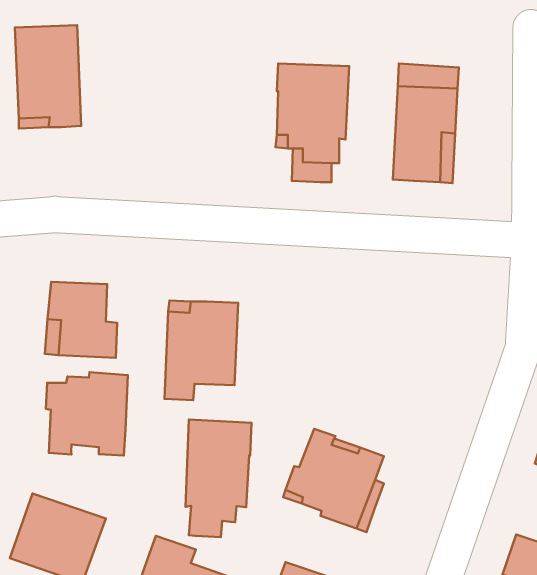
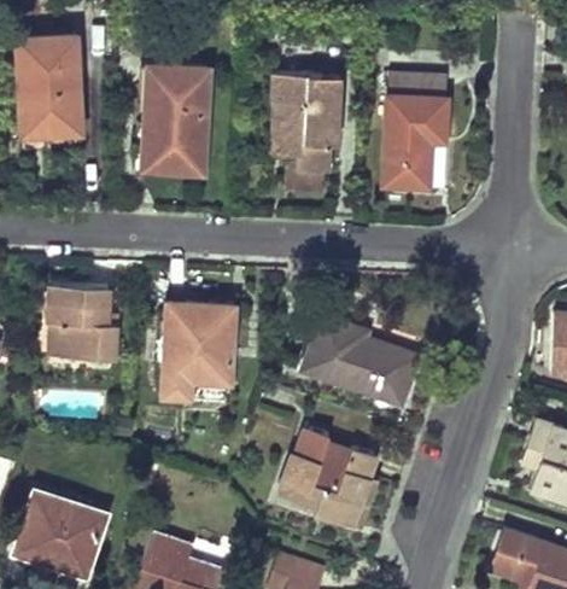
building: none -> [141,66,210,169]
building: none -> [303,317,416,404]
building: [46,372,128,456] -> none
building: [186,420,252,537] -> none

